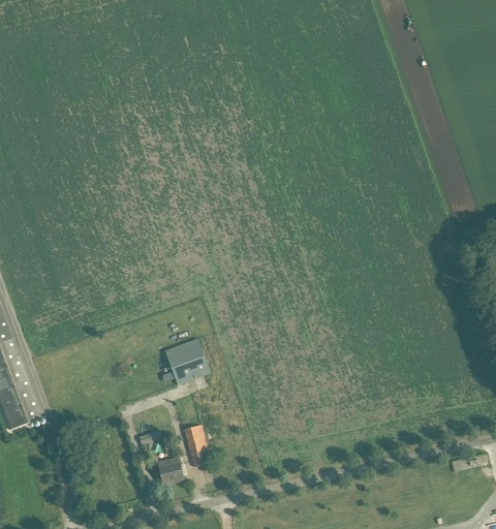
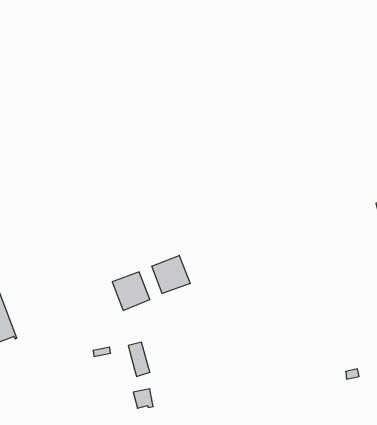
building: none -> [152,255,190,294]
building: [158,458,183,481] -> [133,389,153,408]

